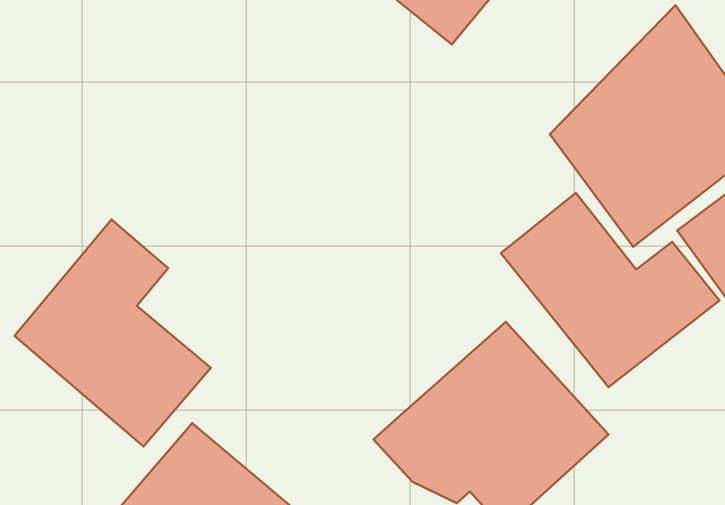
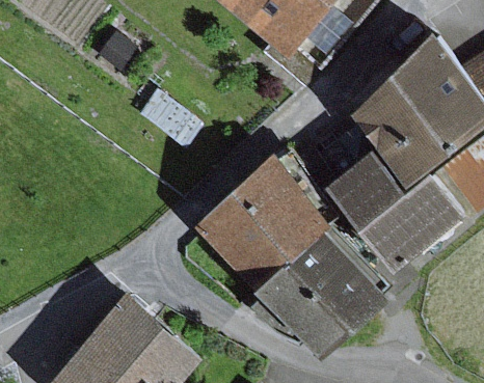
building: none -> [195,159,331,293]
building: [15,220,211,446] -> none

